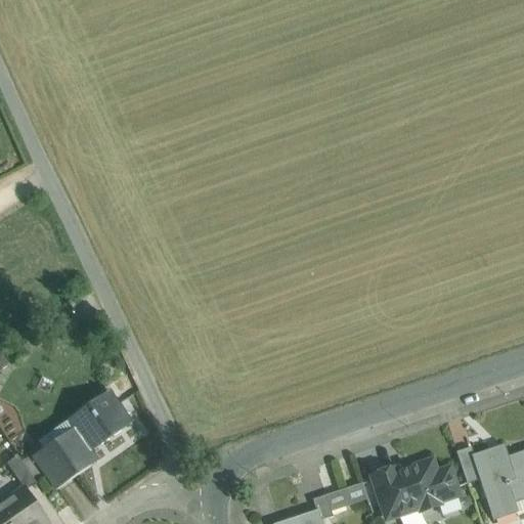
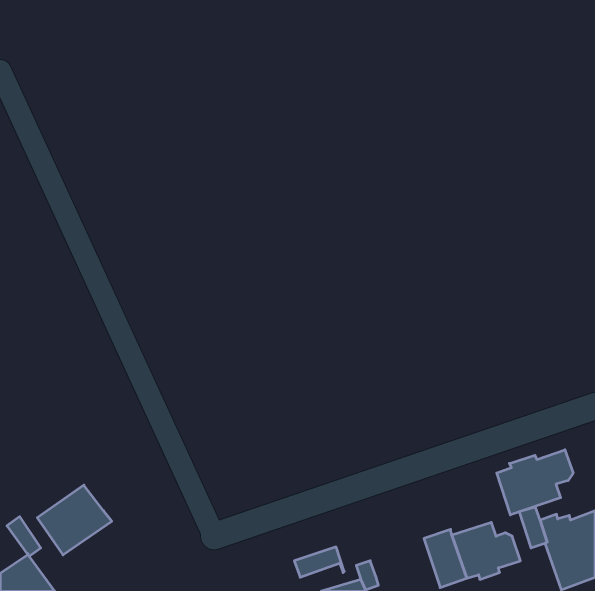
building: [68,389,132,449] -> none
building: none -> [497,450,573,515]
building: [325,481,369,508] -> [294,547,344,577]

